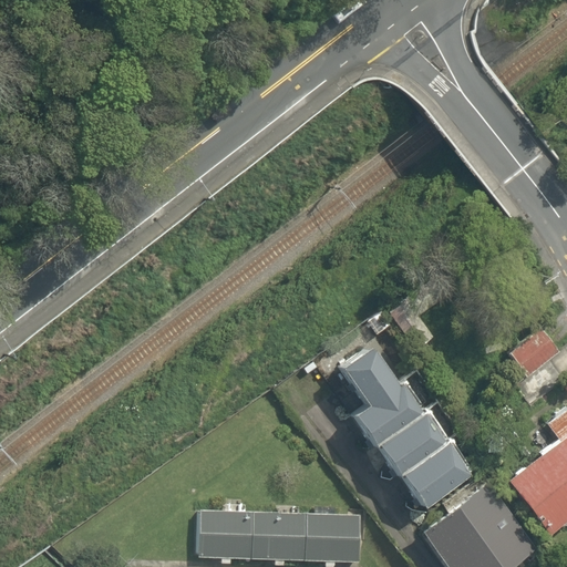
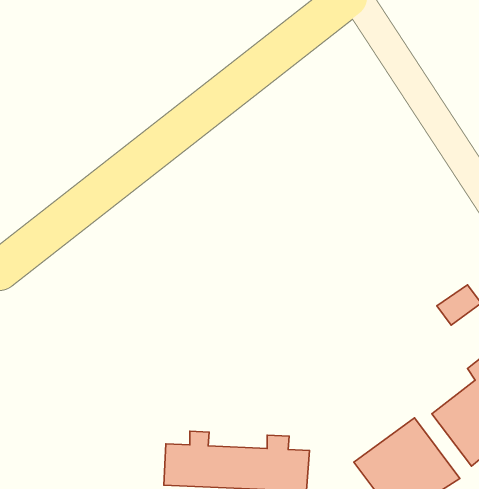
building: [334,342,473,515] -> none

